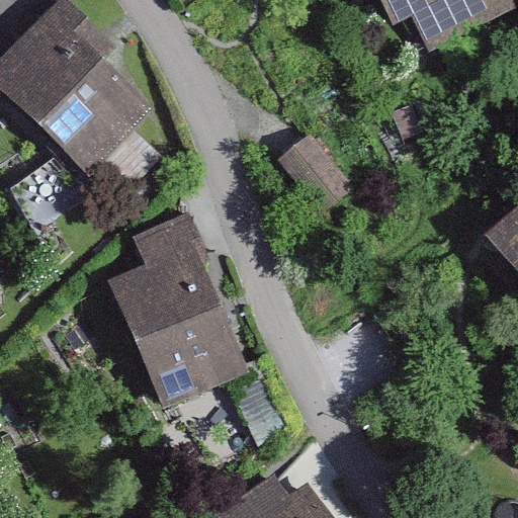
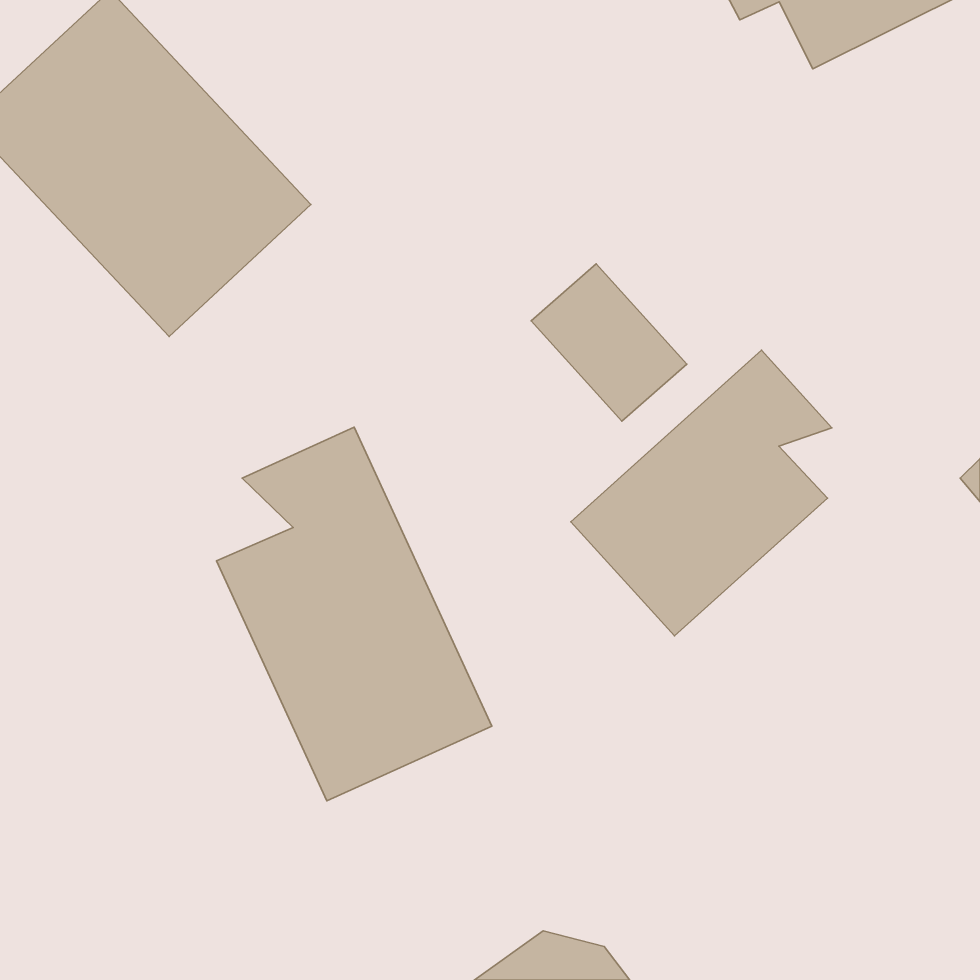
building: none -> [571,350,832,636]

